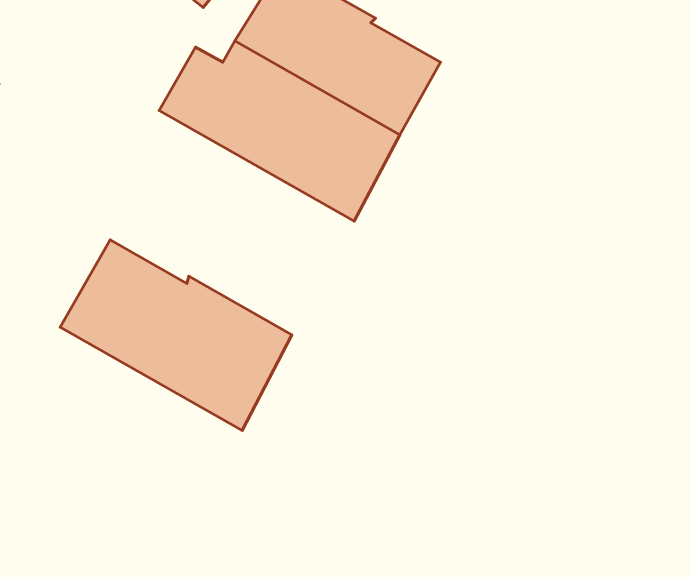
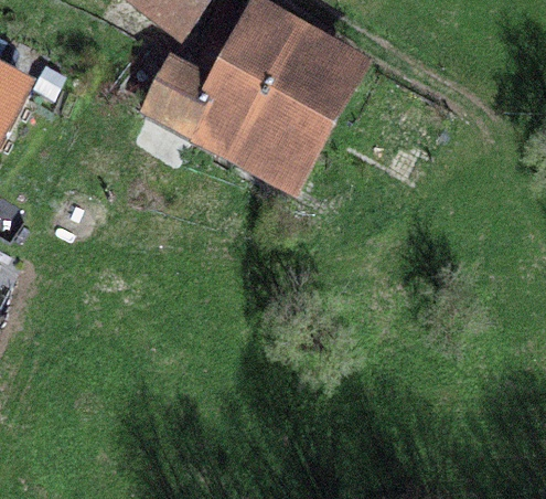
building: [60,240,292,430] -> none

